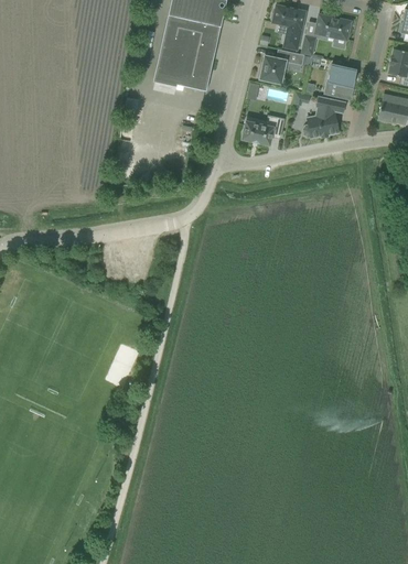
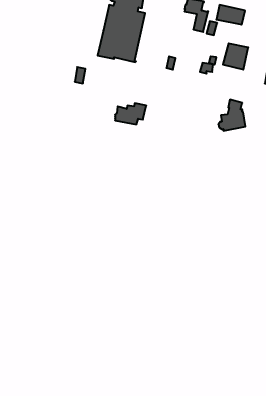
building: [257,48,303,83] -> none
building: [303,96,340,138] -> [218,100,245,131]
building: [241,116,283,144] -> [115,103,146,124]

